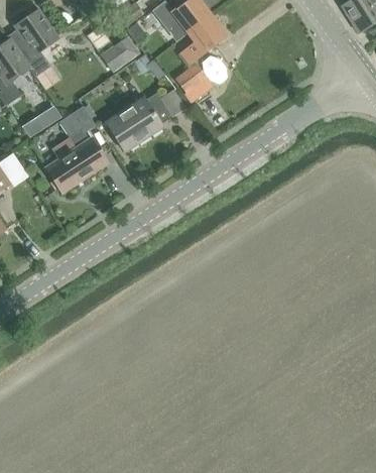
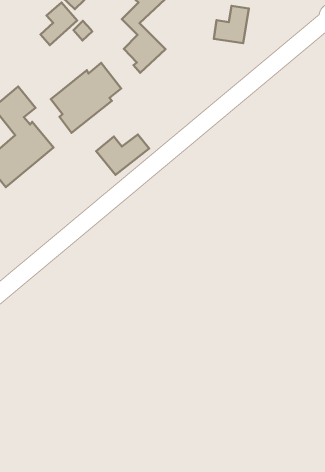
building: none -> [214,6,249,43]
building: none -> [96,134,149,175]

